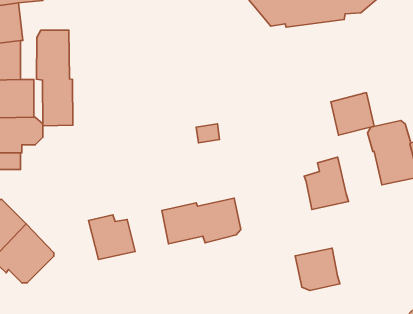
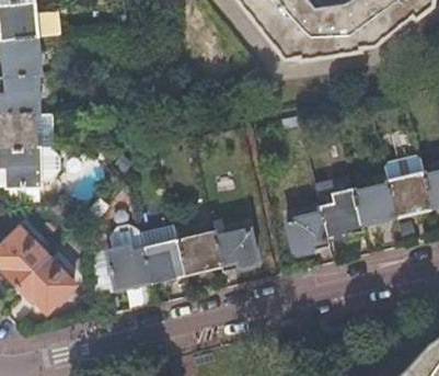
building: [37,30,73,126] -> none
building: [331,93,374,135] -> [355,182,397,224]
building: none -> [142,223,187,281]
building: [295,248,340,290] -> [287,212,331,253]

